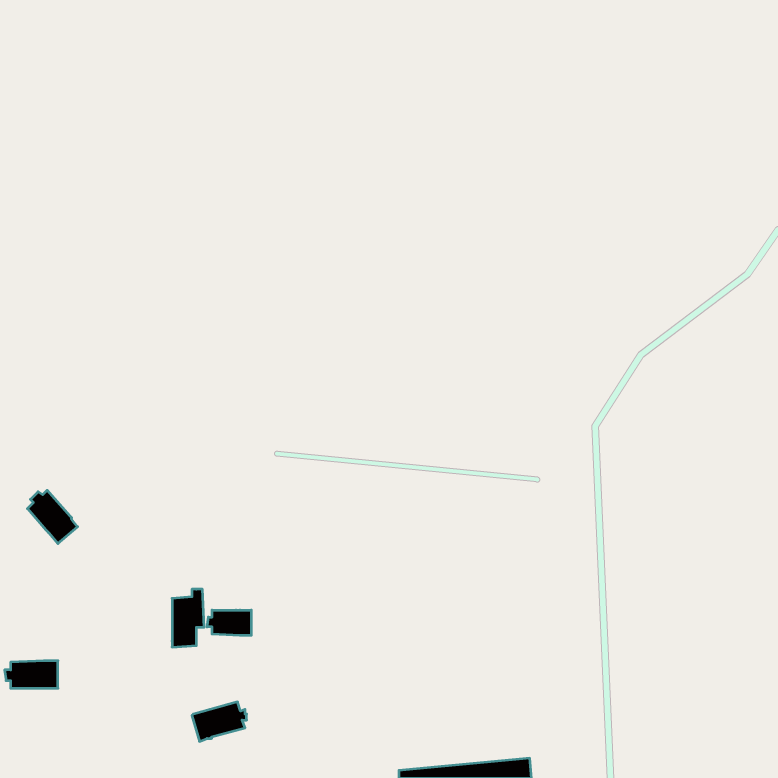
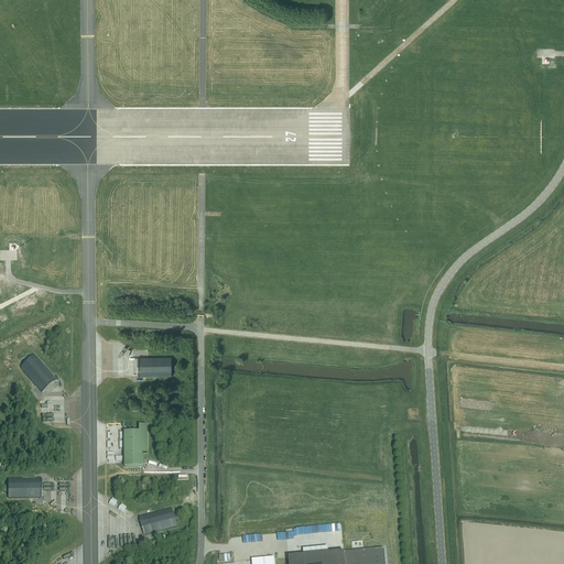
building: none -> [138,357,175,378]
building: [207,610,251,635] -> none

